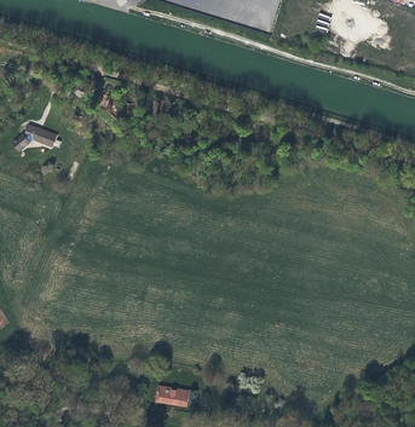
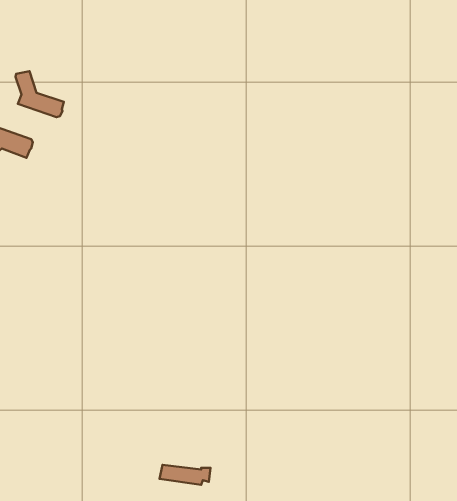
building: none -> [16,71,64,117]

